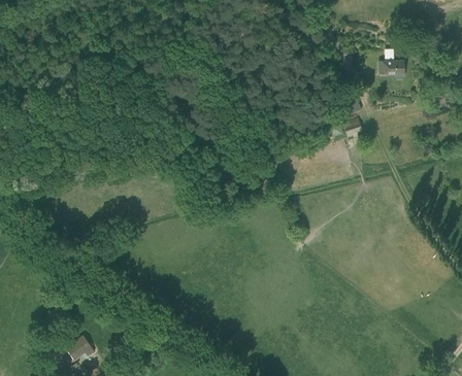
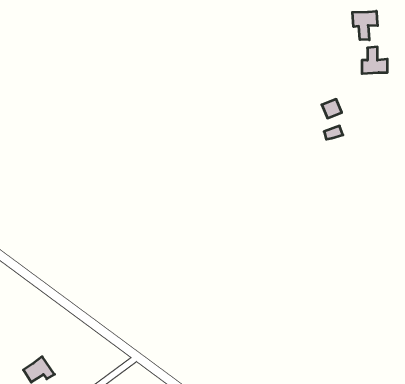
building: none -> [352,11,378,40]

